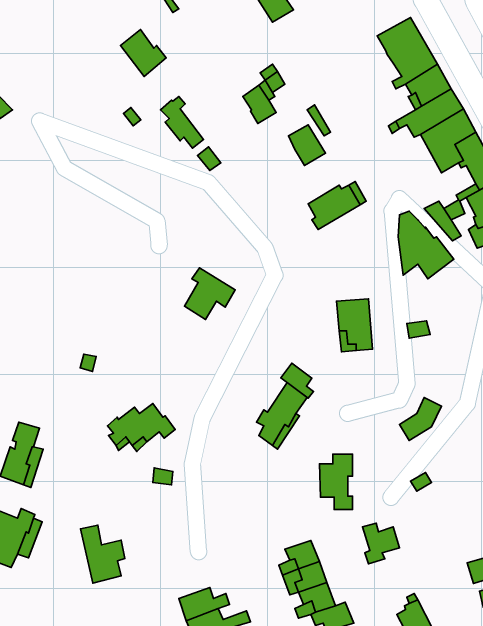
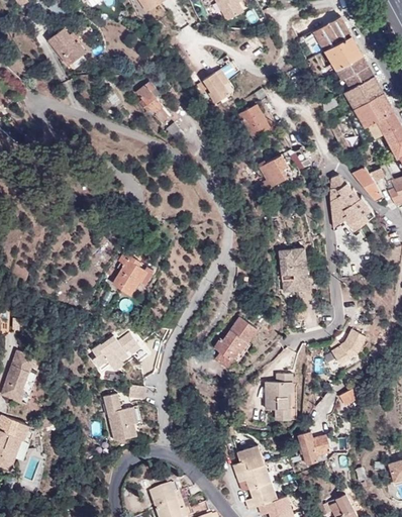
building: [121,30,166,76] -> [47,28,85,67]
building: [185,268,235,320] -> [112,252,154,295]
building: [281,363,314,398] -> none
building: [80,525,125,583] -> [103,395,139,442]

